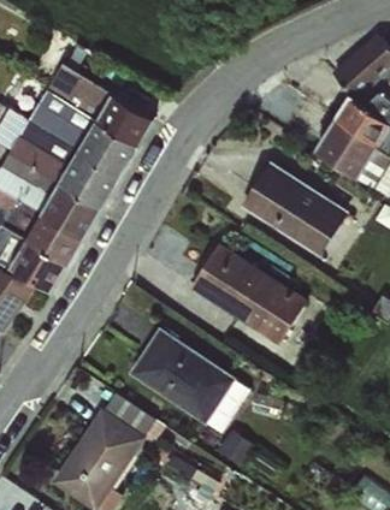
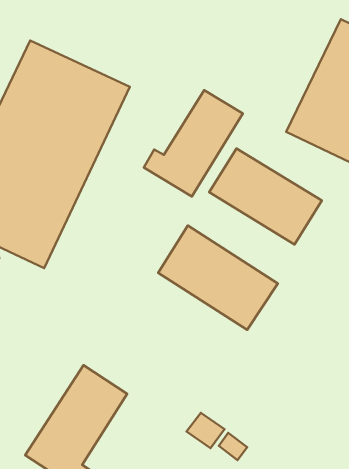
building: none -> [144,90,243,197]
building: [129,333,250,439] -> none

